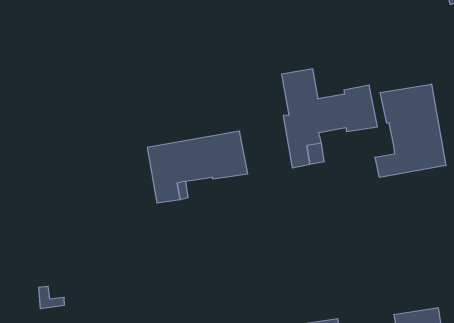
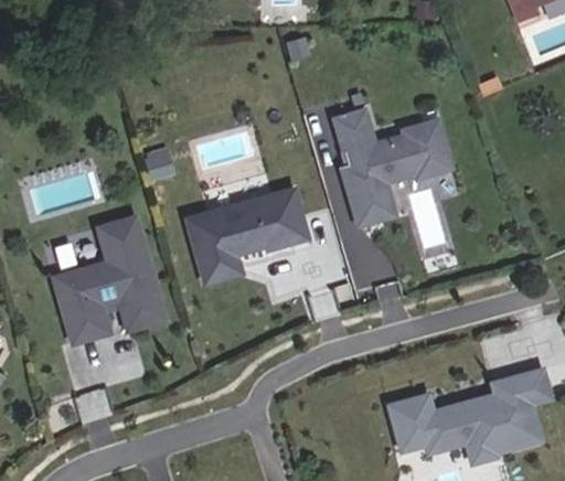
building: [375,84,446,177] -> none
building: none -> [54,215,164,342]

